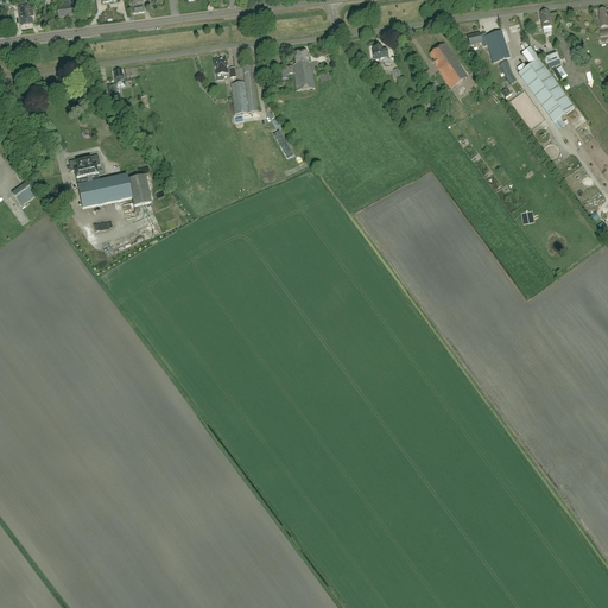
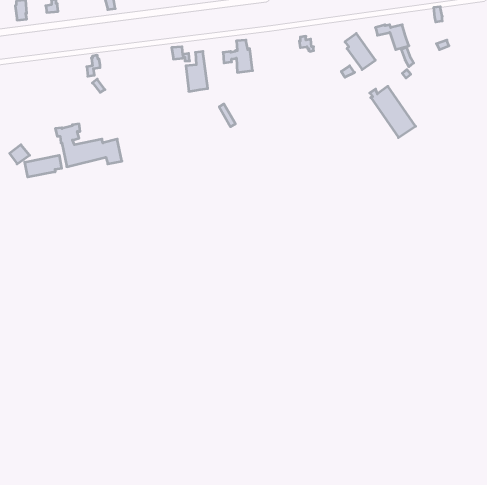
building: [517,58,574,122] -> [370,86,416,138]
building: none -> [25,155,62,177]

